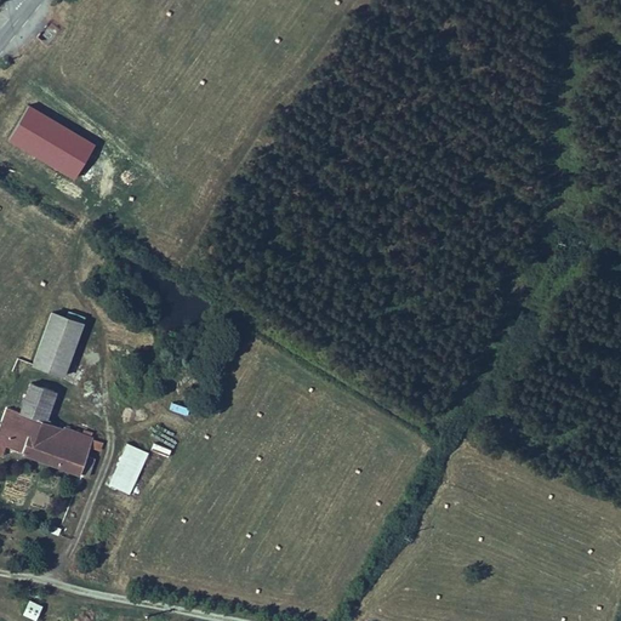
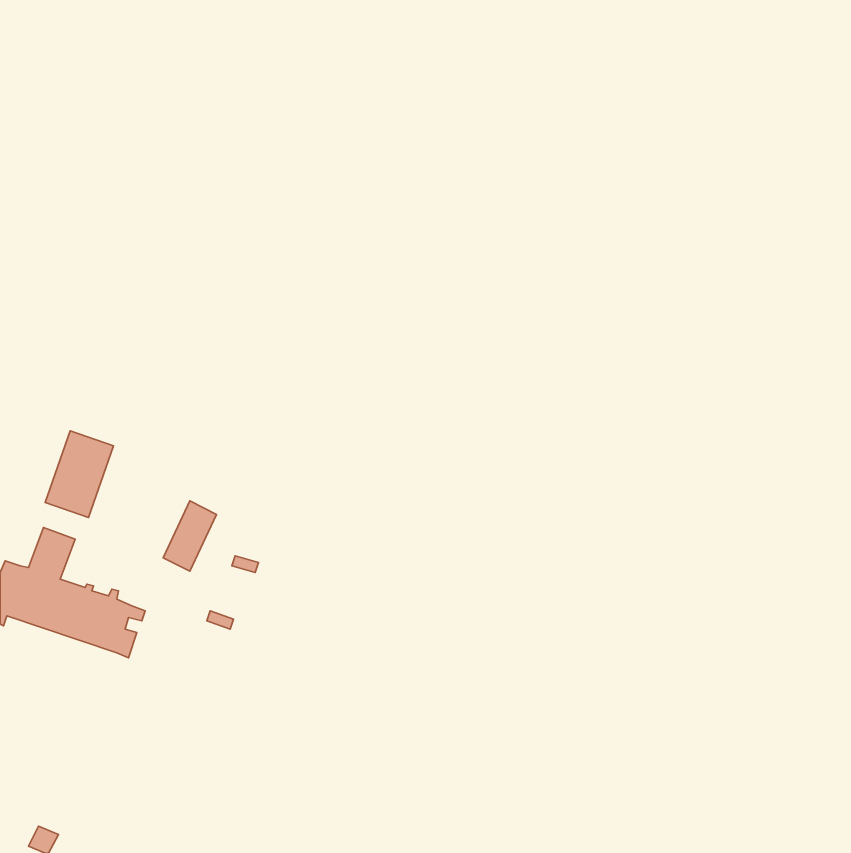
building: [8,107,96,181] -> none
building: [108,444,147,495] -> [163,501,216,571]

